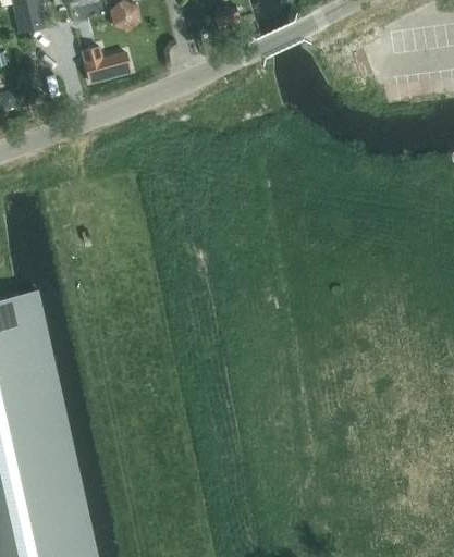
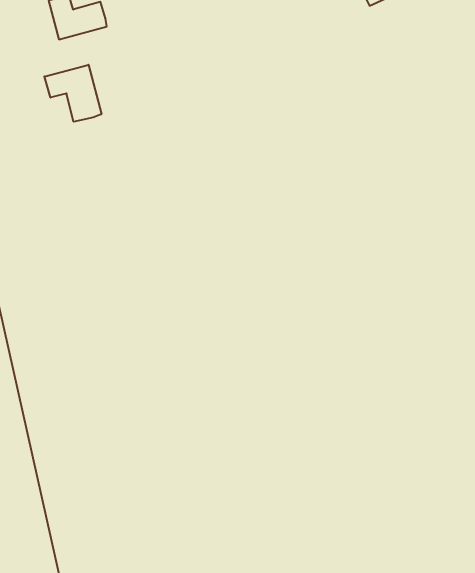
building: none -> [44,65,101,122]

